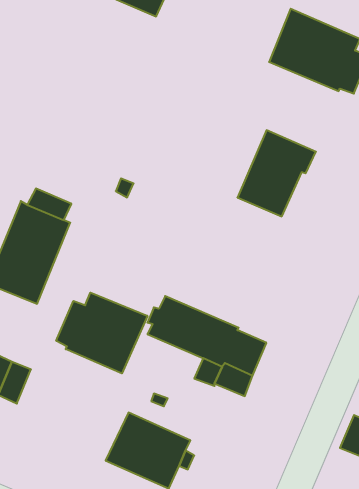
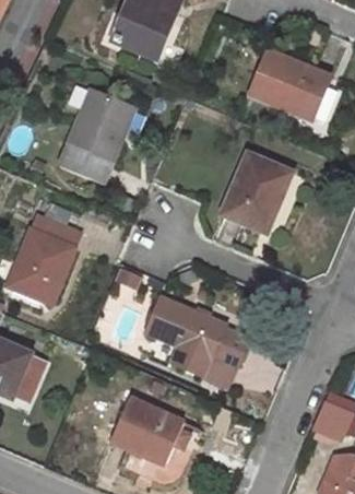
building: none -> [59,85,134,184]
building: [56,293,147,373] -> none

